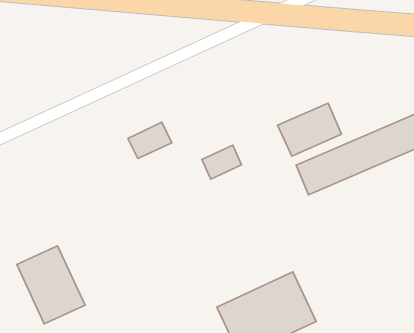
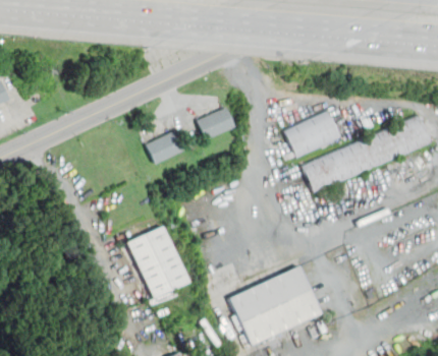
building: [202,145,242,179] -> [198,107,234,138]
building: [17,246,85,324] -> [126,226,189,298]

